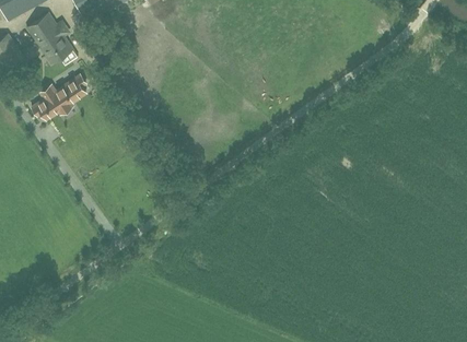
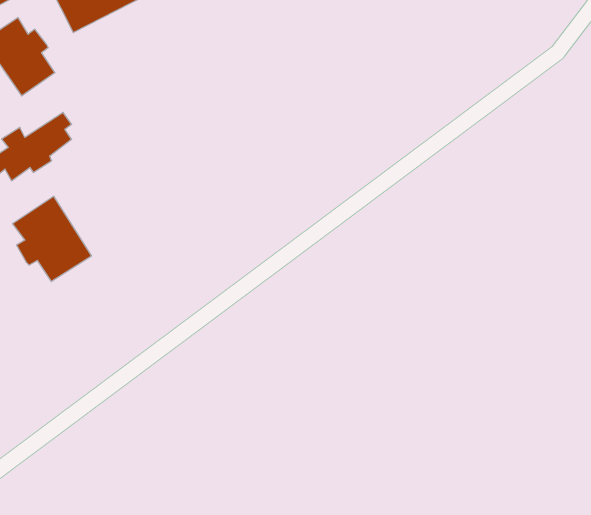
building: none -> [13,196,92,282]

